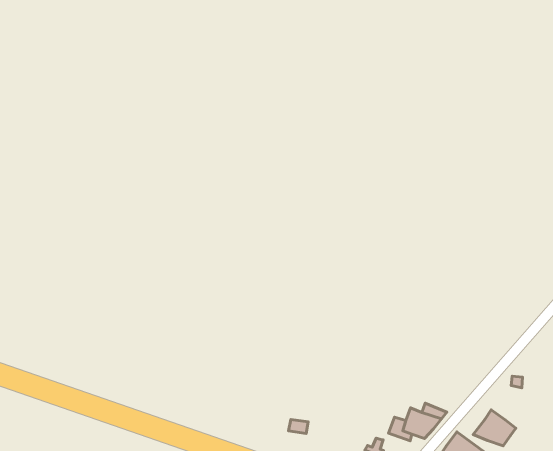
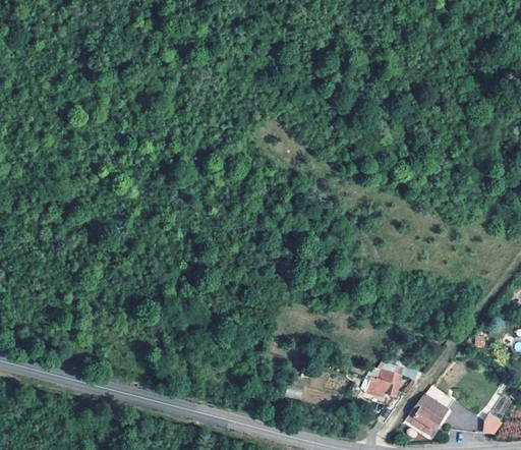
building: [473,410,516,446] -> none

